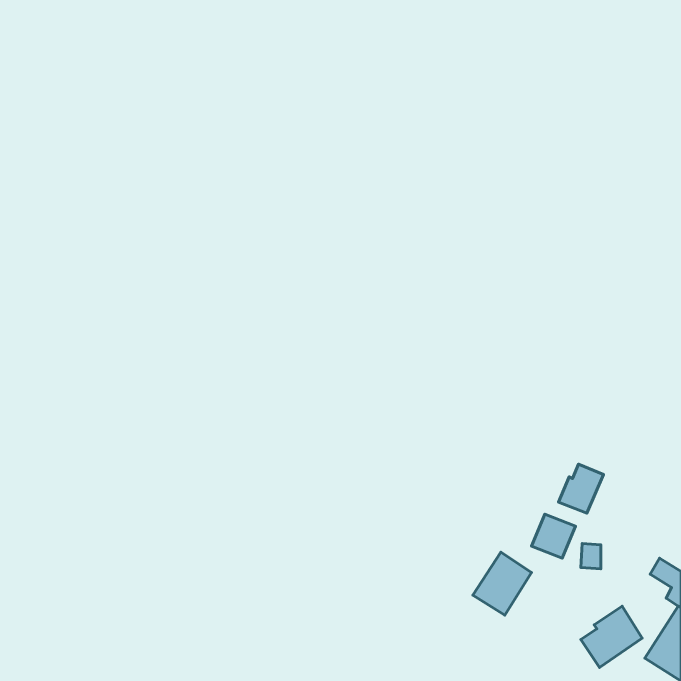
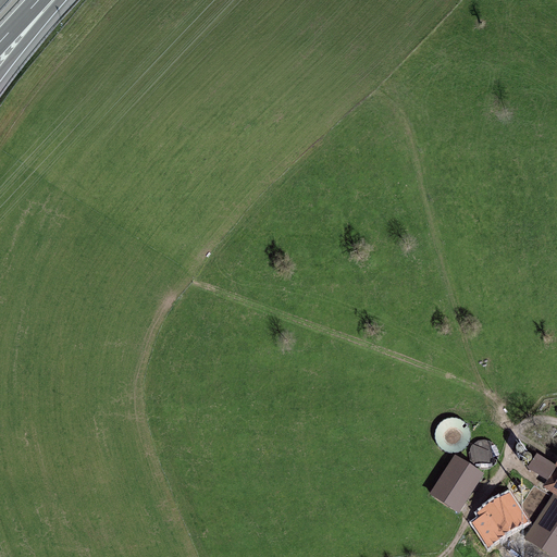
building: [559,464,604,513] -> none
building: [473,552,532,615] -> [432,457,480,508]

